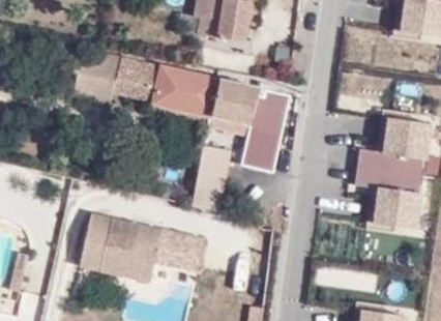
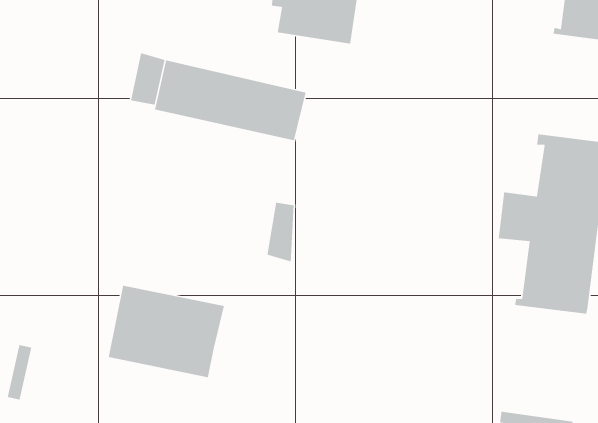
building: [211,79,252,121] -> none
building: [240,94,287,170] -> none
building: [155,228,203,267] -> none

